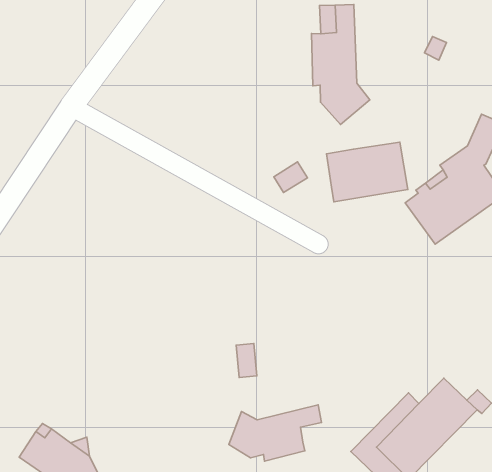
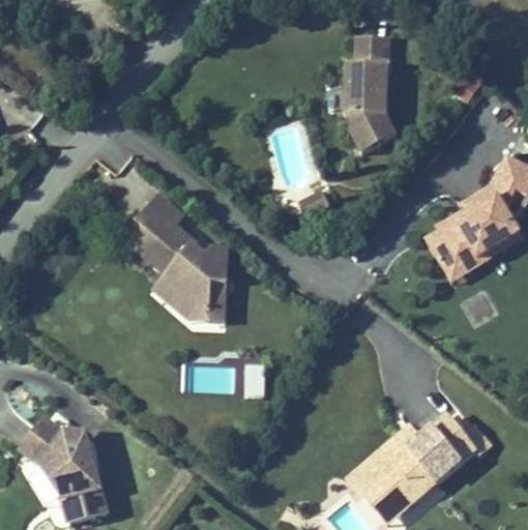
building: [326,142,408,202] -> none
building: none -> [128,196,229,321]
building: [229,405,322,461] -> none

